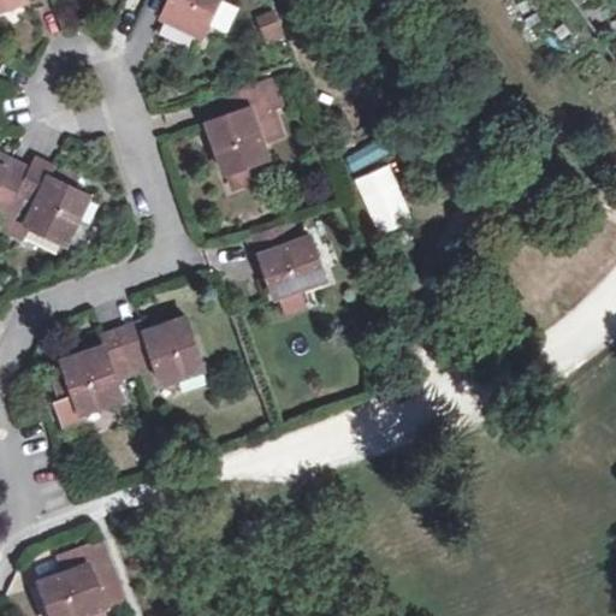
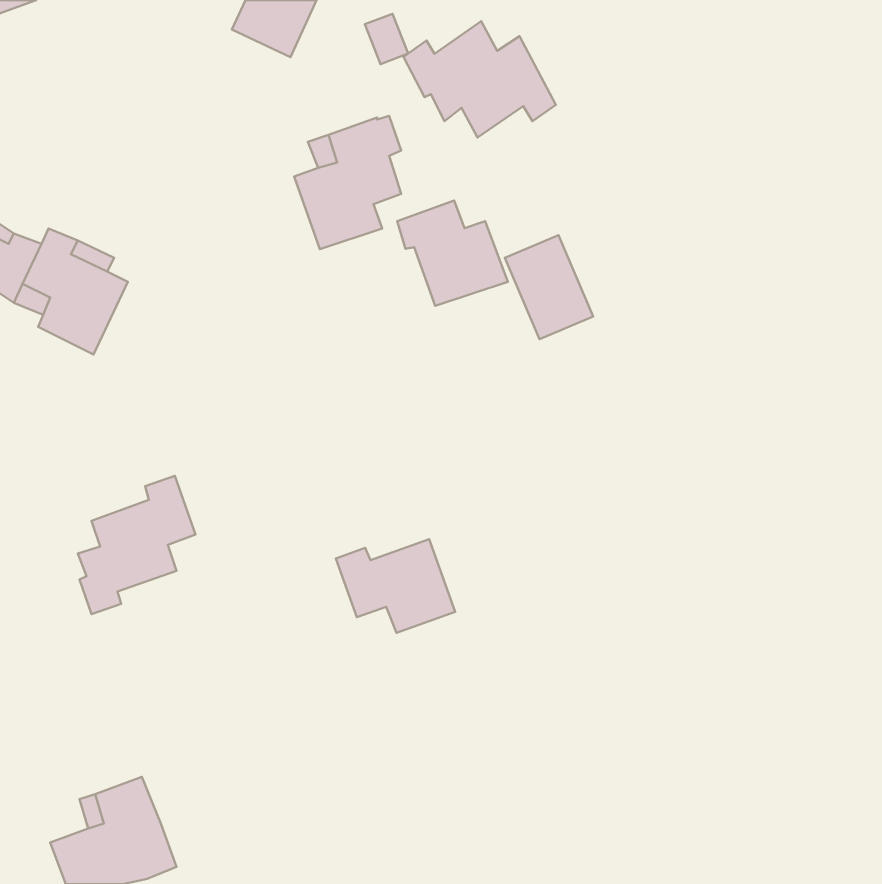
building: none -> [403,21,556,138]
building: [250,224,327,297] -> [397,200,508,306]
building: [122,318,205,383] -> [336,539,455,633]

